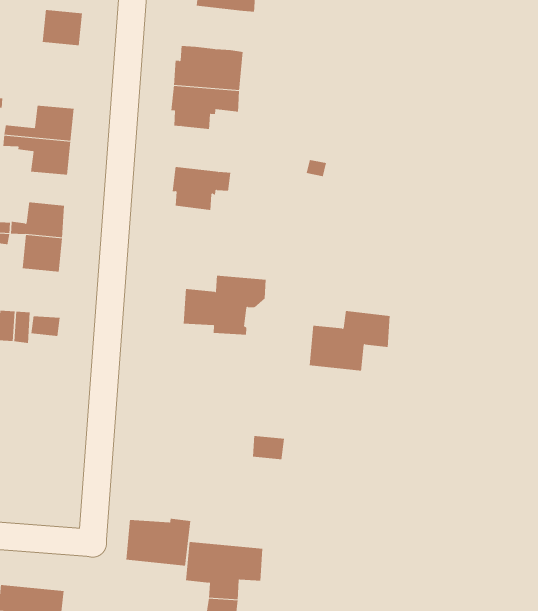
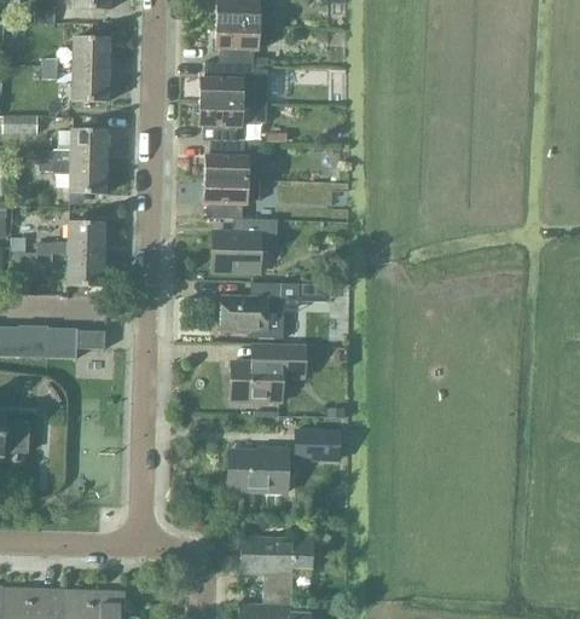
building: none -> [215,25,273,65]
building: none -> [60,69,108,102]
building: none -> [205,141,250,183]
building: none -> [213,220,278,272]
building: [309,311,390,371] -> [231,345,306,401]
building: [126,518,191,566] -> [228,449,289,493]

